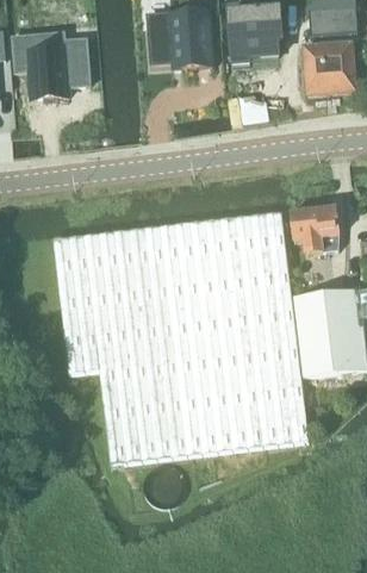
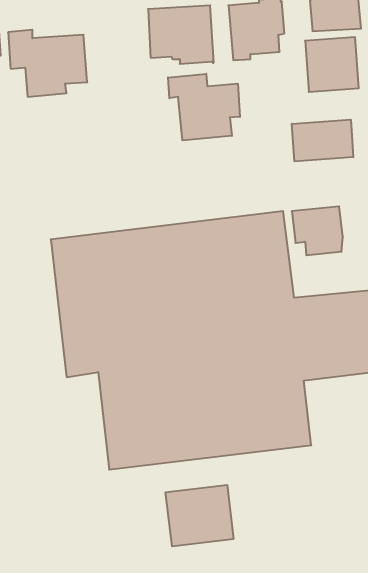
building: none -> [168,74,240,140]
building: none -> [292,120,353,161]
building: none -> [166,485,233,546]

